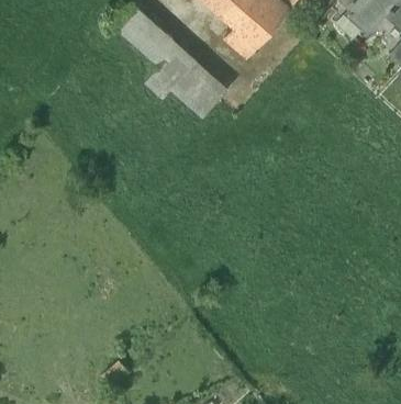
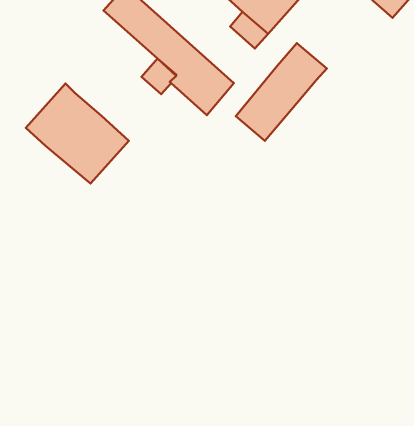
building: none -> [236,43,327,141]
building: none -> [26,84,129,184]

